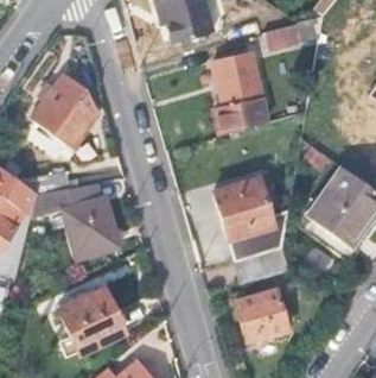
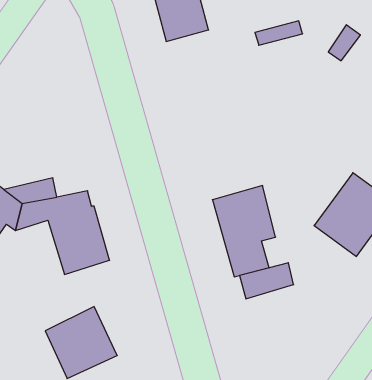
building: [216,49,273,136] -> none
building: [27,80,93,156] -> none
building: [234,289,287,341] -> none

